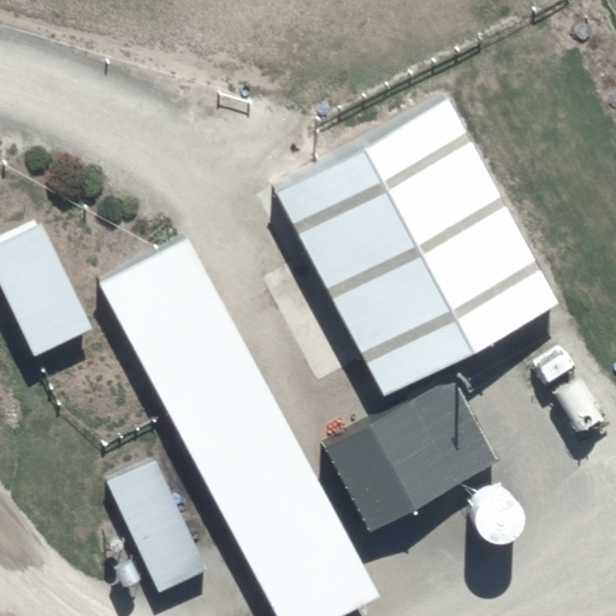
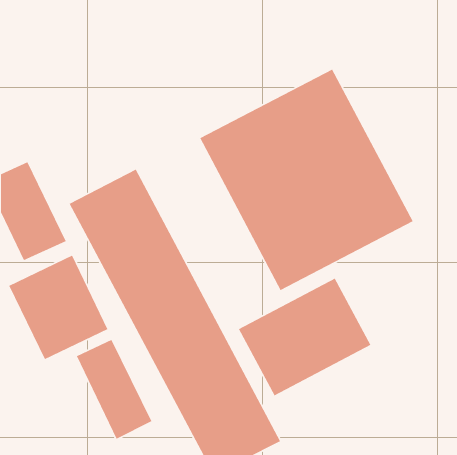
building: none -> [8,255,109,360]

